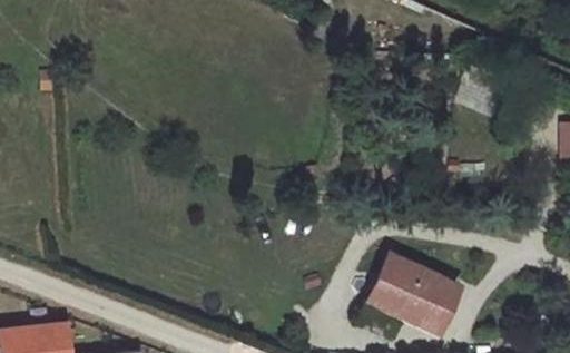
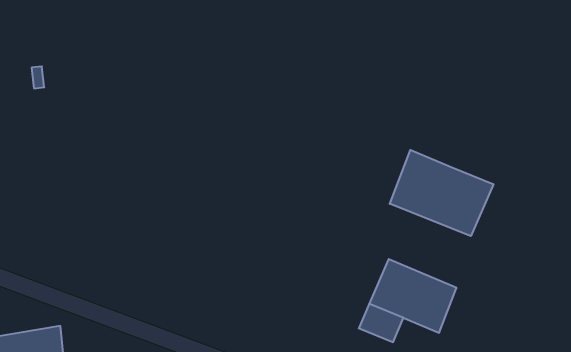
building: none -> [390,150,493,236]

